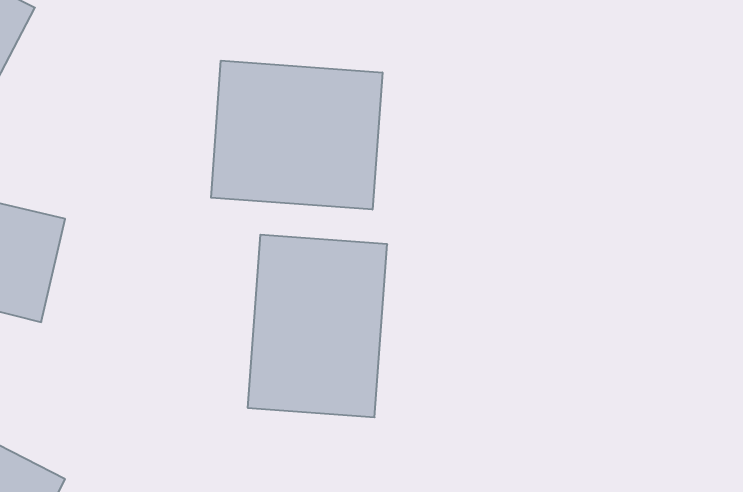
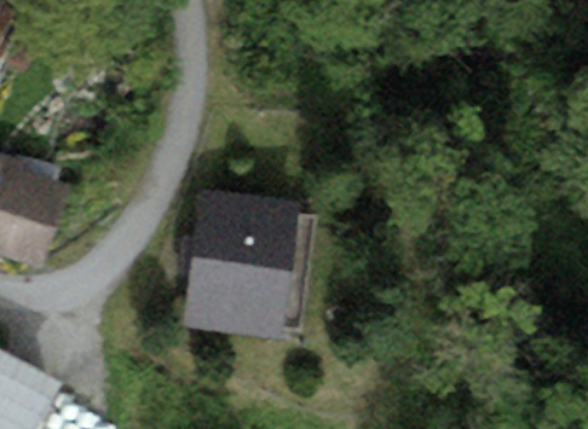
building: [211,61,382,210] -> none

